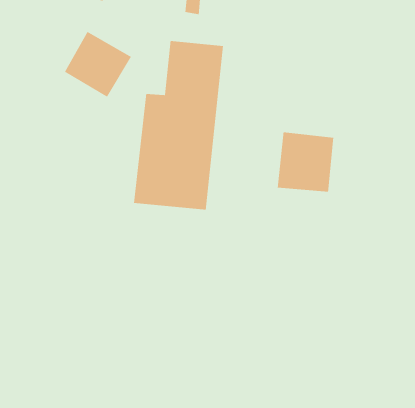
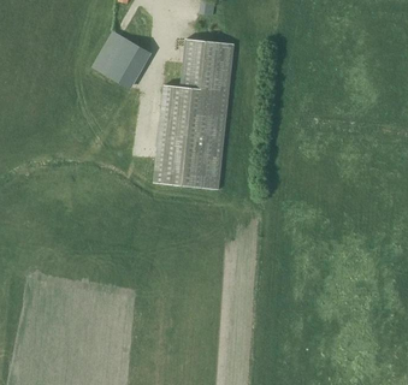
building: [277,132,334,193] -> none

